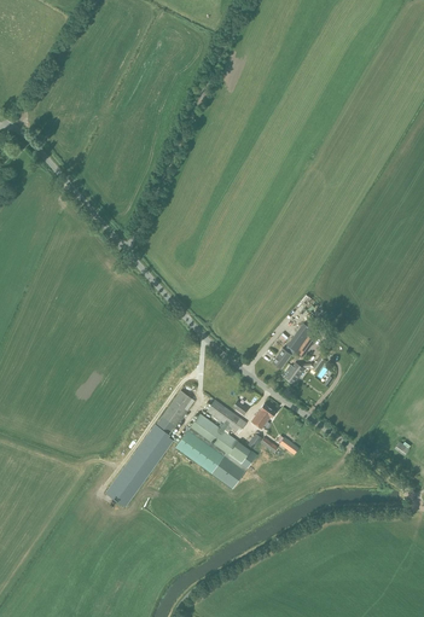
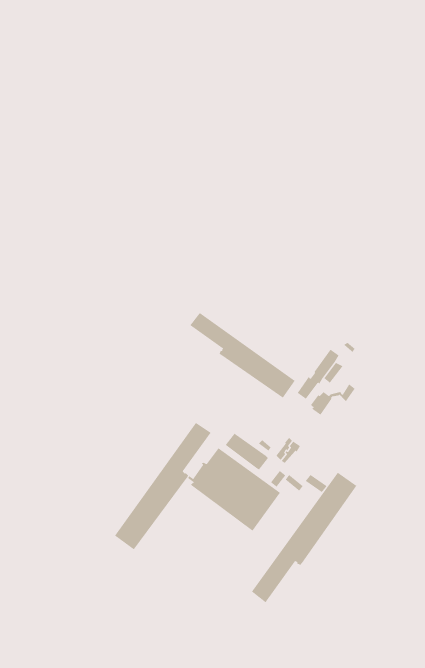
building: none -> [189,312,295,398]
building: none -> [251,472,357,603]

